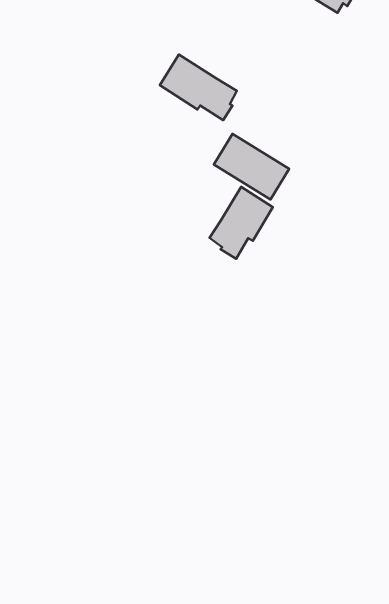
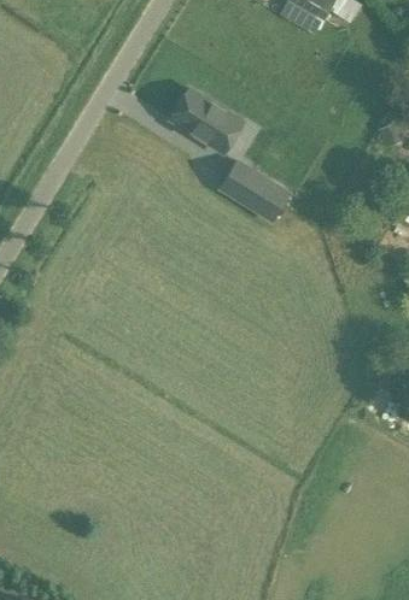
building: [210,187,273,259] -> none

